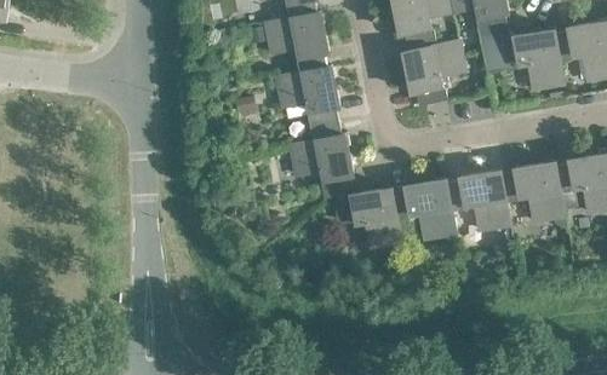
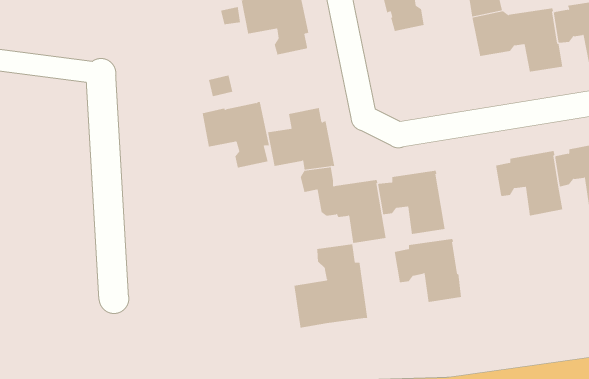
building: [402,40,463,106] -> none
building: [276,65,339,127] -> [202,101,270,168]
building: [446,171,509,230] -> [394,238,462,302]
building: none -> [294,244,368,329]

